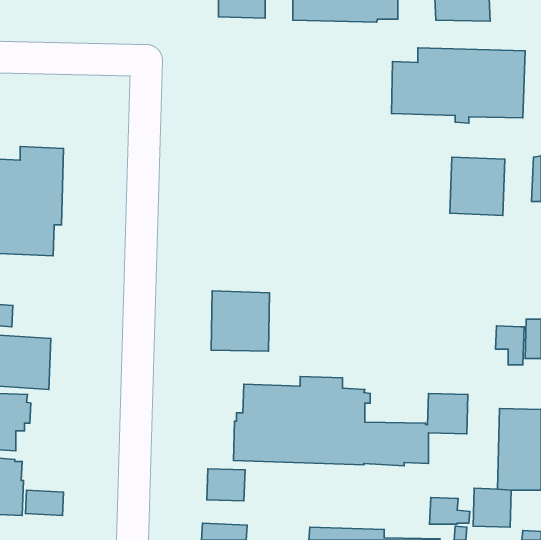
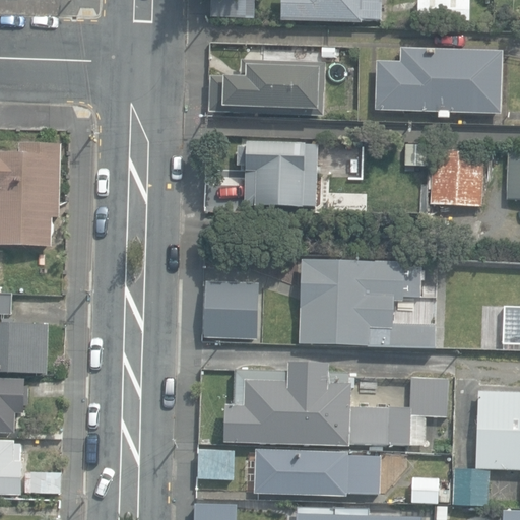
building: none -> [209,59,325,115]
building: none -> [238,142,317,205]
building: none -> [300,258,437,349]
building: none -> [254,448,381,495]

